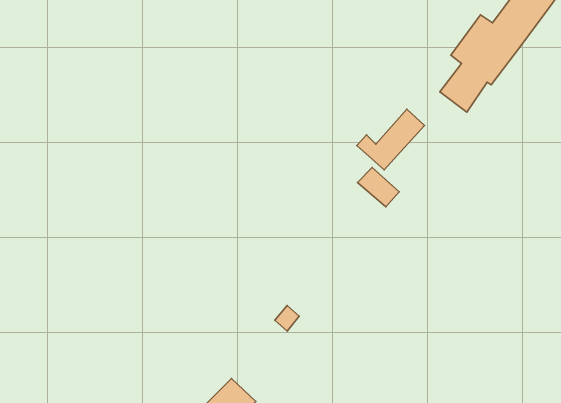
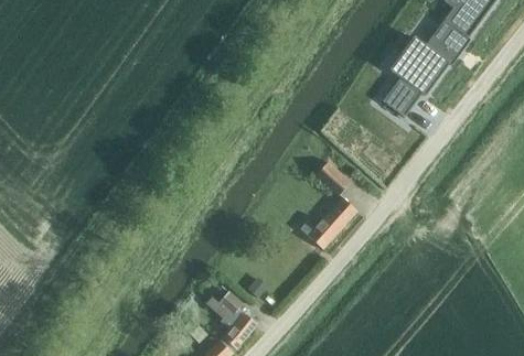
building: [357,109,425,170] -> [299,198,354,248]
building: none -> [206,291,255,348]

